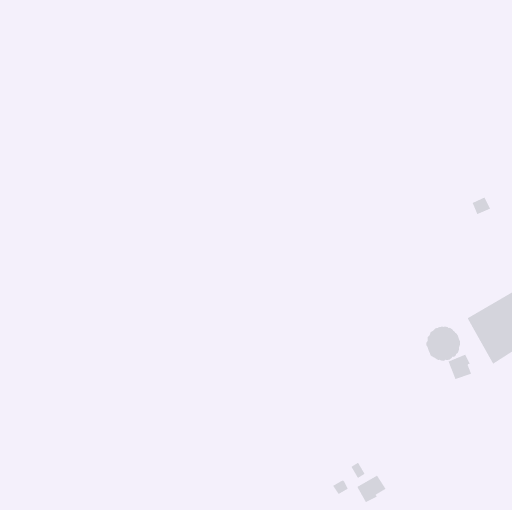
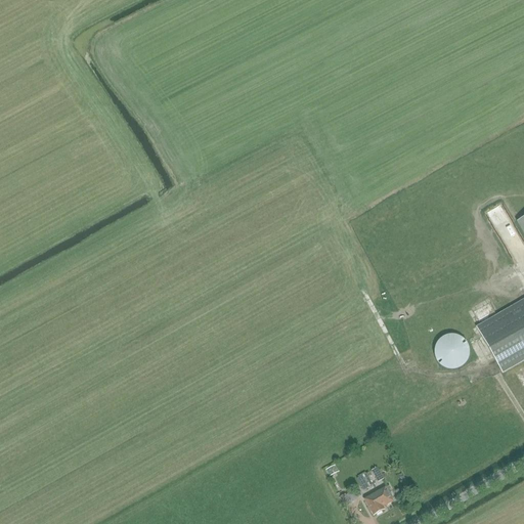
building: [448,354,472,380] -> none

